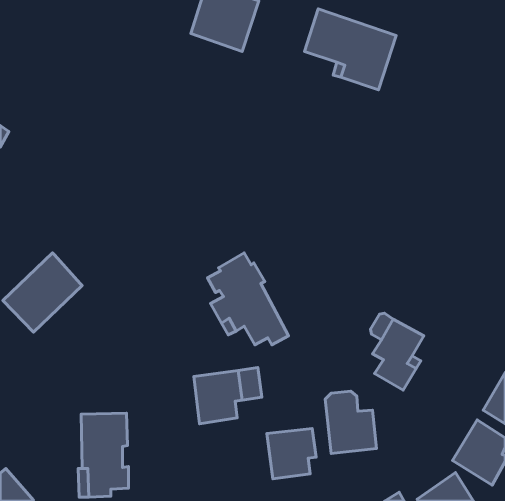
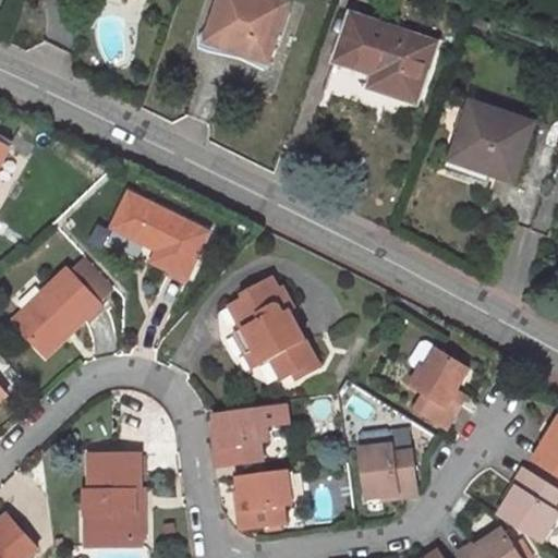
building: none -> [449,98,534,178]
building: none -> [106,194,203,279]
building: none -> [60,258,113,313]
building: [267,429,316,479] -> [235,473,290,529]

